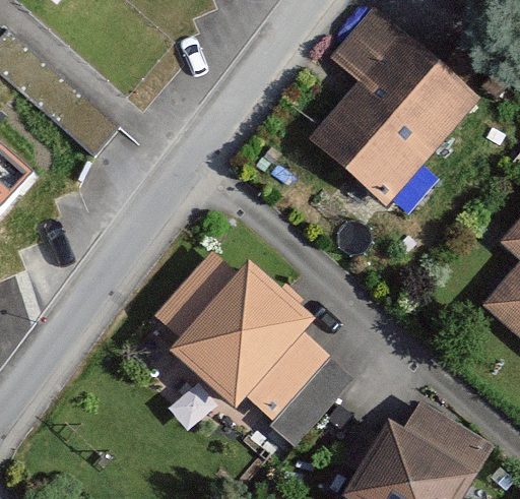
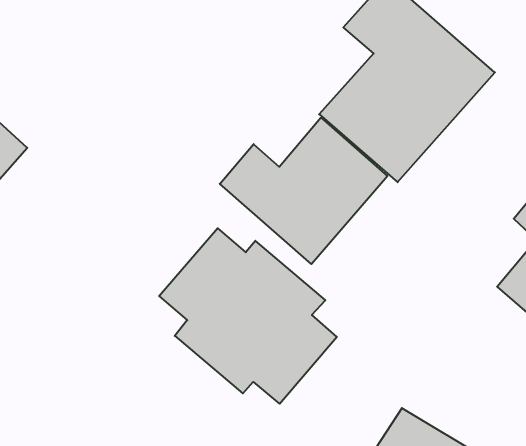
building: none -> [220,118,387,264]

